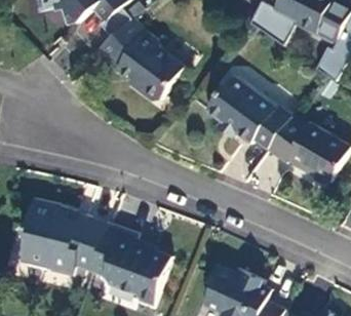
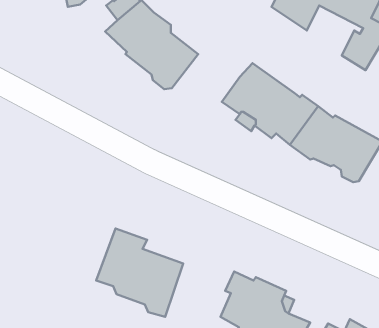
building: [22,198,108,275] -> none

